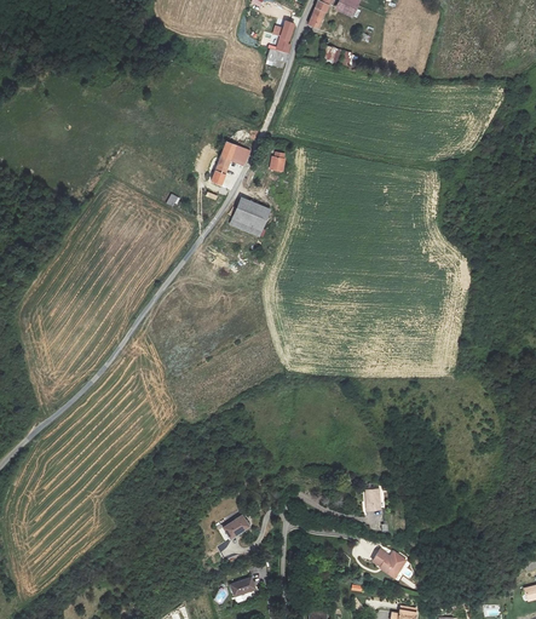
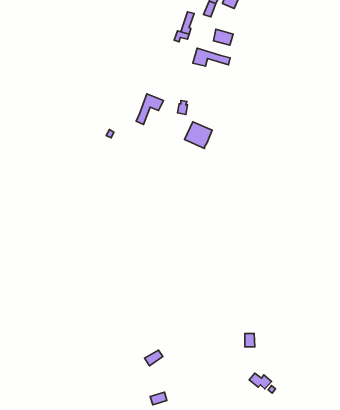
building: none -> [193,48,230,66]
building: [230,197,270,236] -> [185,122,212,148]

